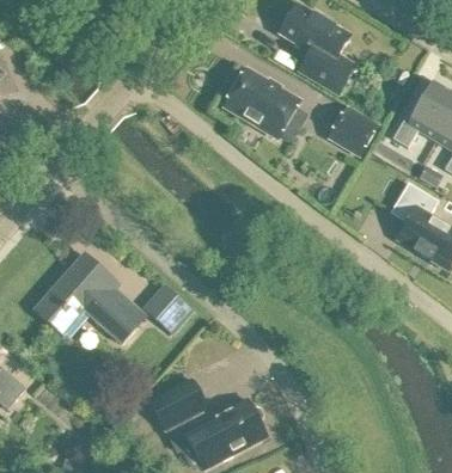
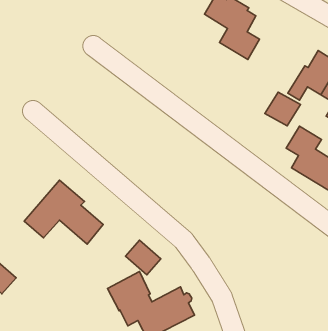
building: [222,68,298,136] -> none
building: [328,108,375,153] -> [265,92,300,126]
building: [143,285,191,332] -> [125,240,161,275]

